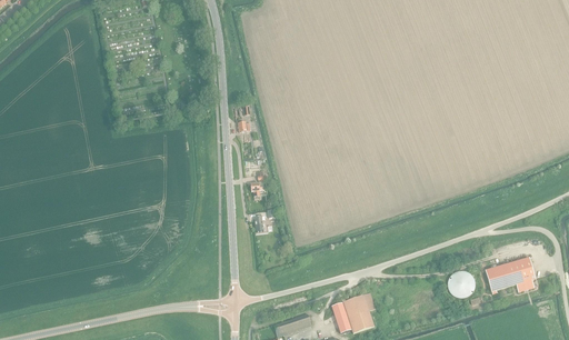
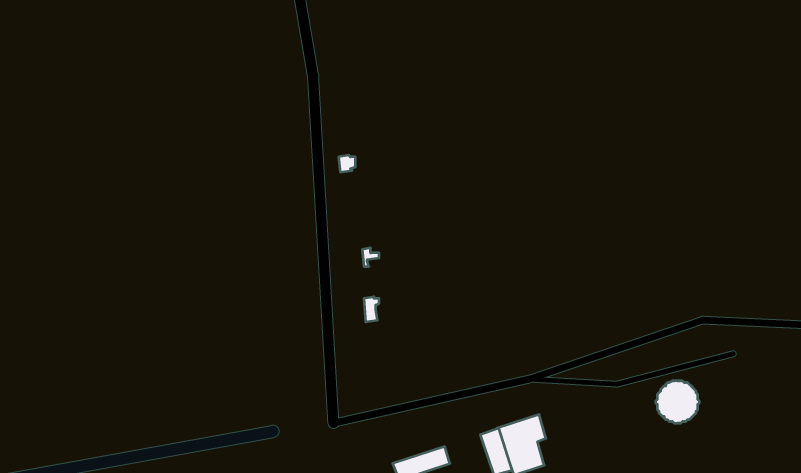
building: [485,256,533,292] -> none

